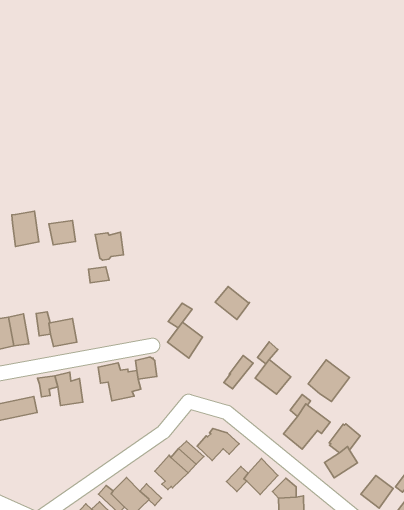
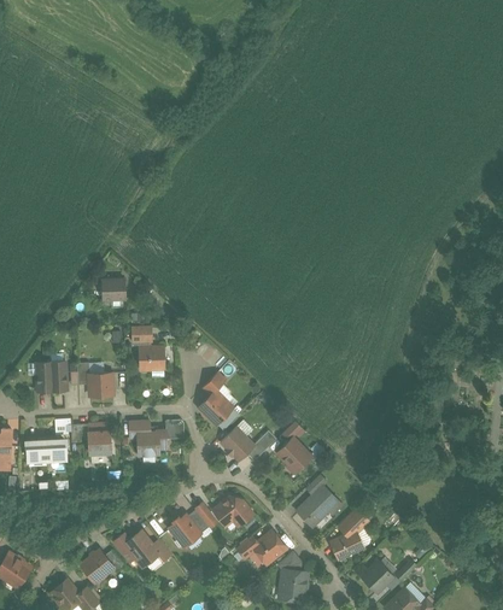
building: [12,211,39,246] -> none
building: [95,232,124,260] -> [139,346,163,371]
building: [215,286,250,320] -> [221,428,253,461]
building: [308,360,350,401] -> none

